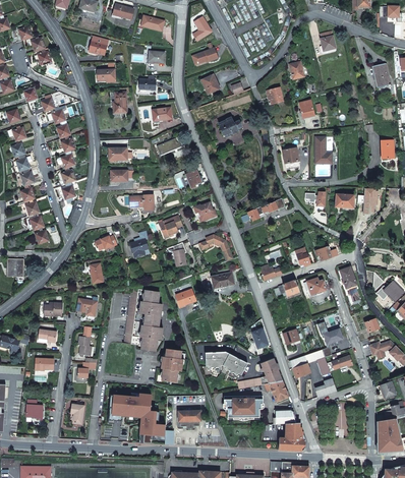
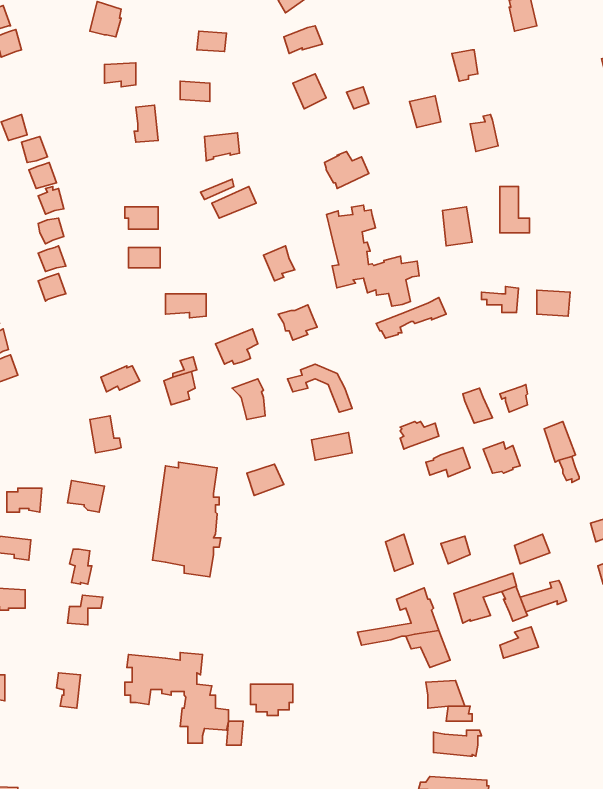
building: none -> [326,205,419,306]
building: [162,349,183,382] -> none
building: [206,352,247,374] -> none
building: [224,396,263,420] -> none

